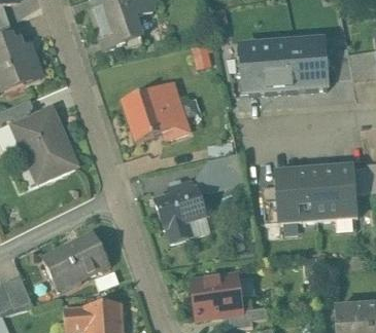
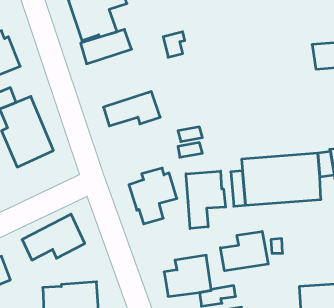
building: [239,38,328,92] -> none
building: [123,82,176,118] -> [81,29,132,64]
building: none -> [186,171,226,229]
building: none -> [220,231,268,271]

